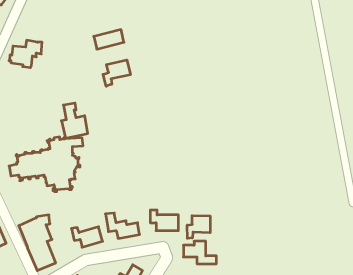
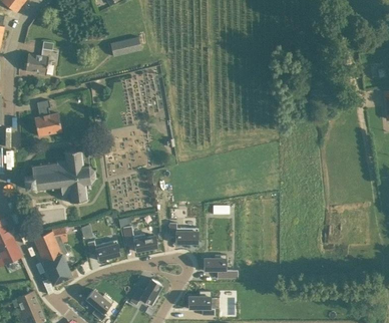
building: [103,60,130,86] -> none
building: [61,103,88,138] -> [35,100,62,136]
building: [187,216,210,238] -> none

